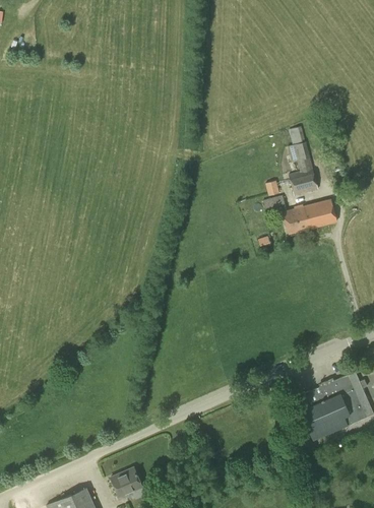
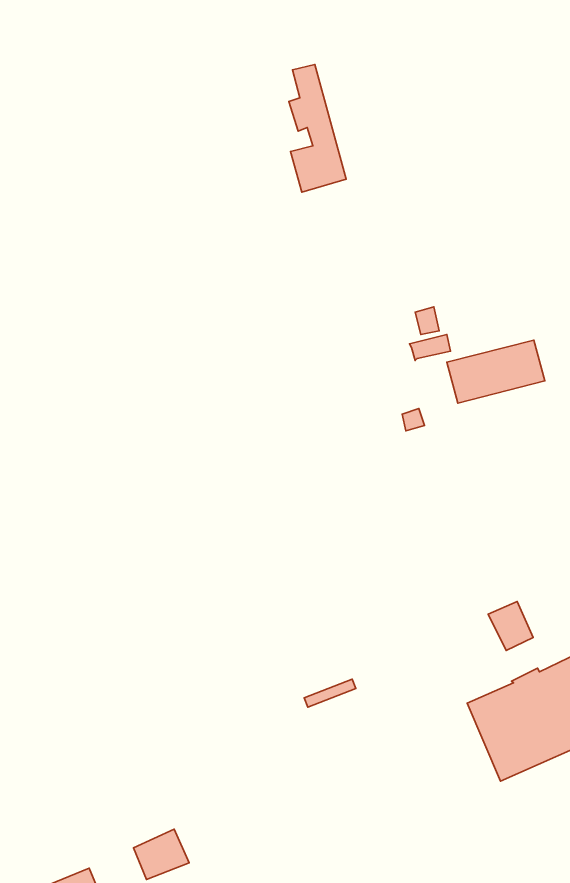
building: [287,127,318,197] -> [289,64,346,192]
building: none -> [488,601,533,650]

